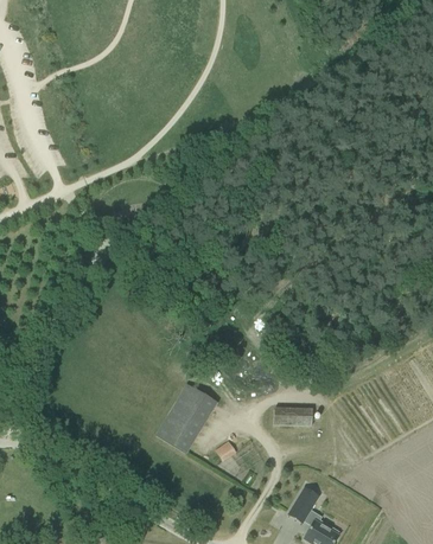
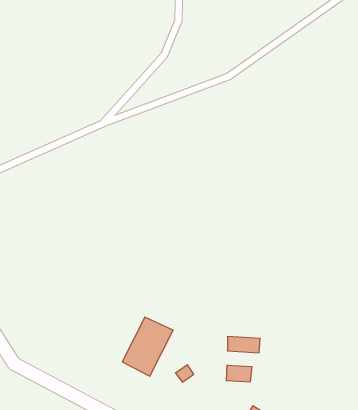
building: none -> [226,365,252,382]

